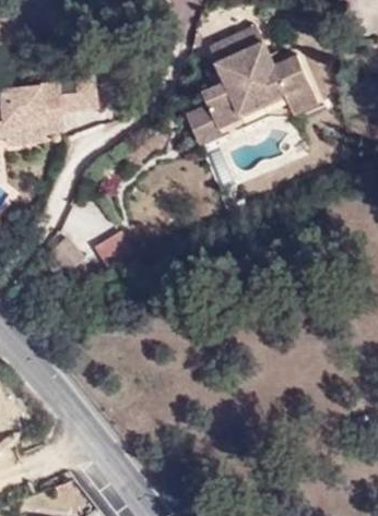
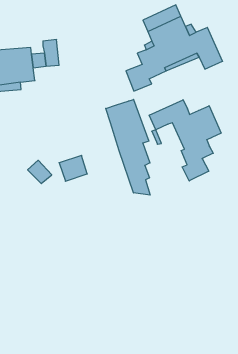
building: none -> [106,99,150,195]
building: none -> [149,100,221,181]

